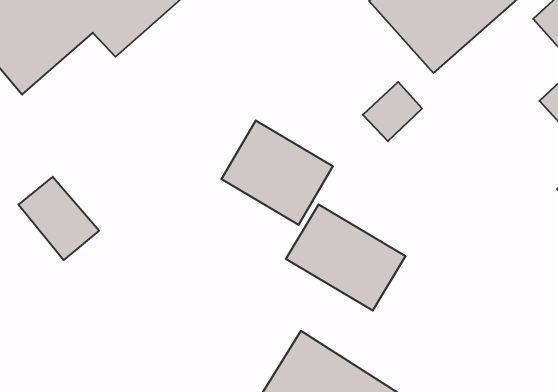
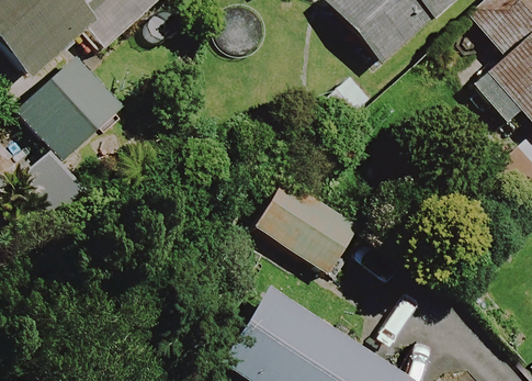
building: none -> [20,58,123,161]
building: [221,120,333,225] -> none

